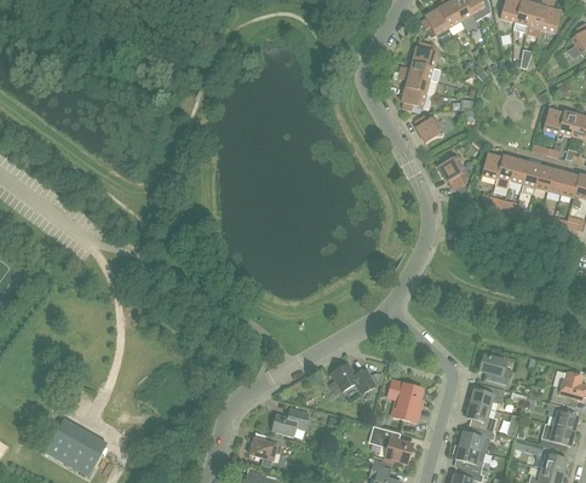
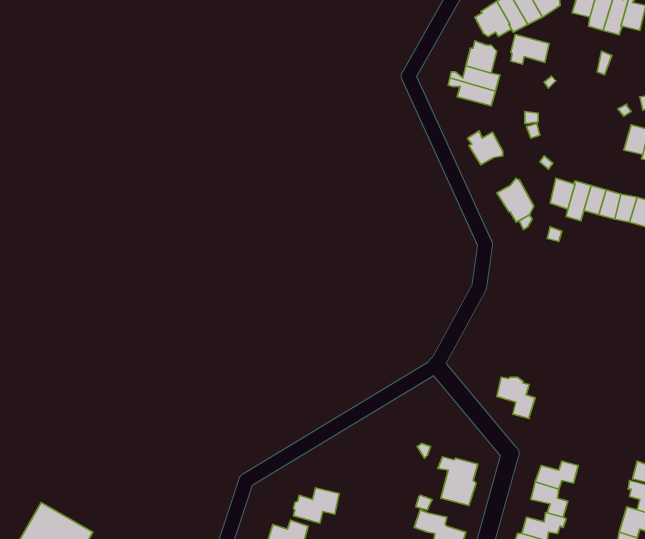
building: [402,86,433,110] -> [511,35,549,64]
building: [479,353,511,387] -> [497,377,535,418]
building: [331,362,375,392] -> none

